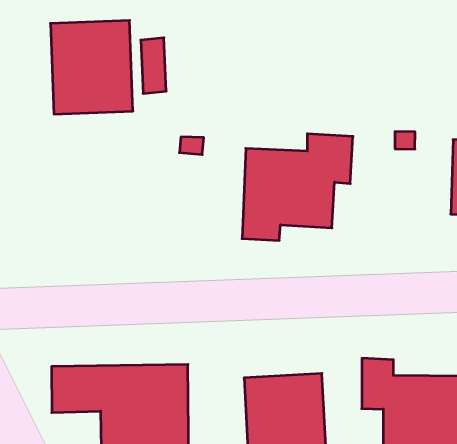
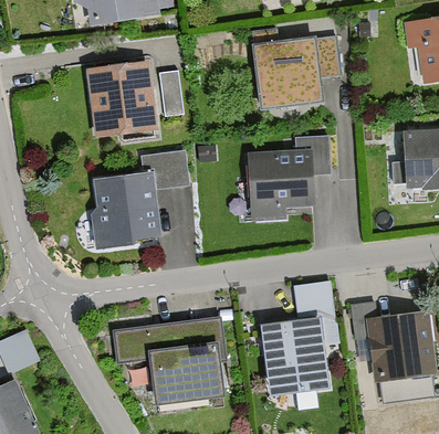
building: none -> [252,38,338,110]
building: none -> [92,149,187,247]
building: none -> [292,283,331,314]

